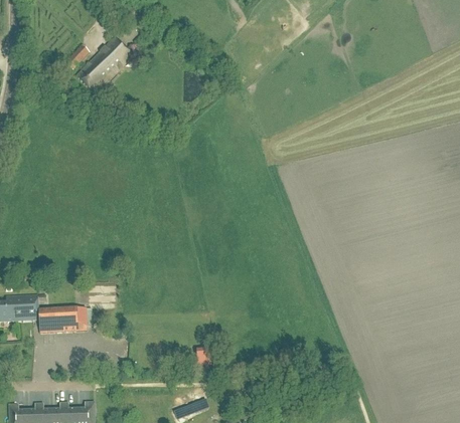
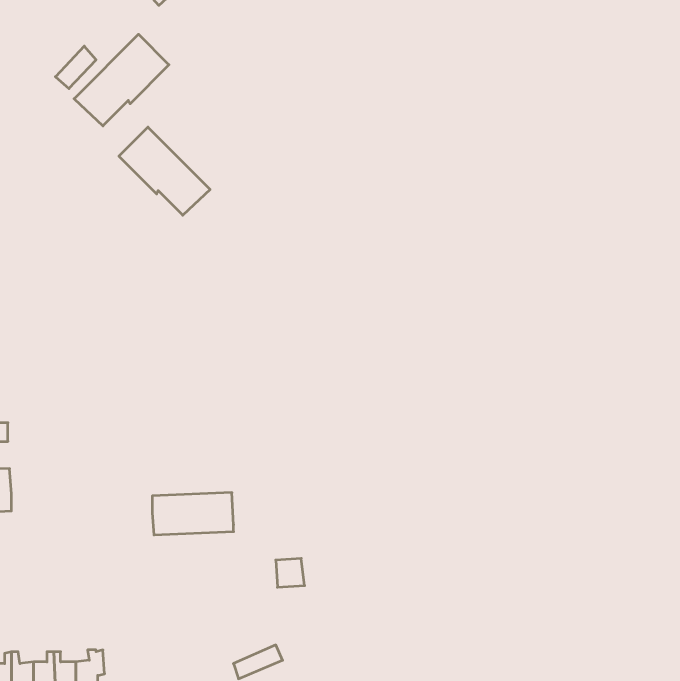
building: none -> [119,127,210,215]
building: [39,306,88,332] -> [152,493,234,535]

